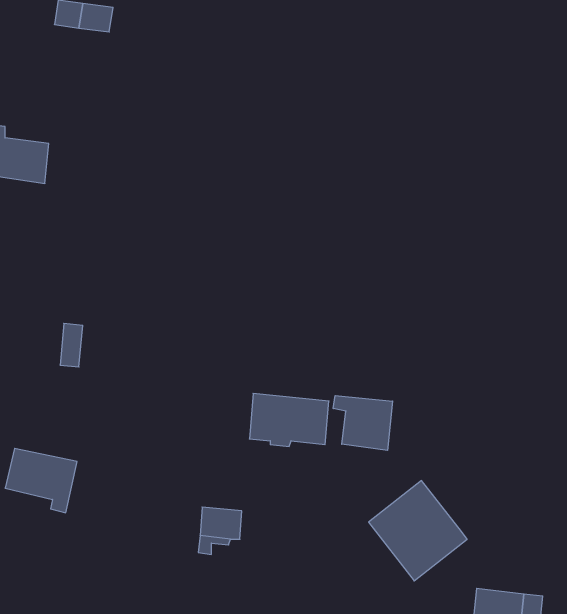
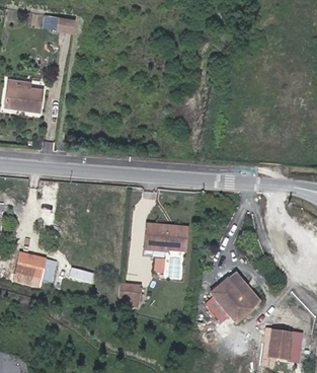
building: [333,396,393,450] -> none

